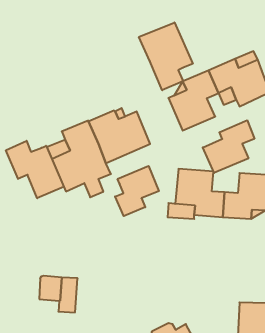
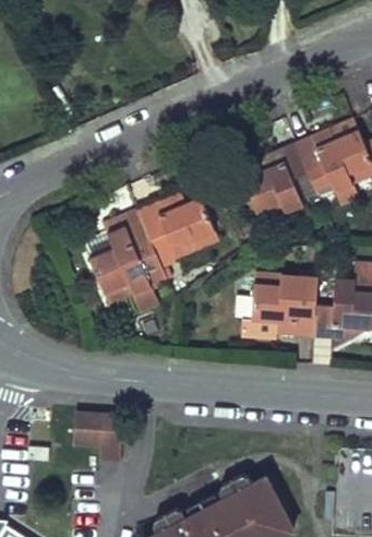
building: [139,22,193,90] -> none
building: [203,120,254,173] -> none
building: [6,141,64,198] -> none
building: [115,166,159,216] -> none

